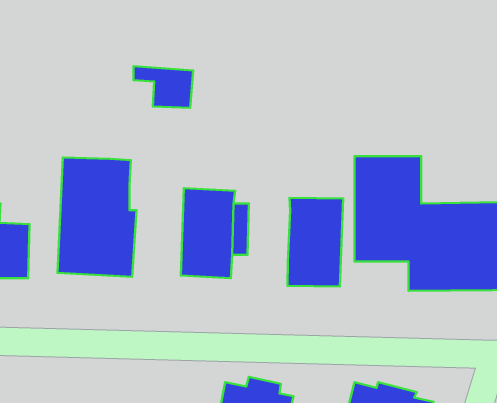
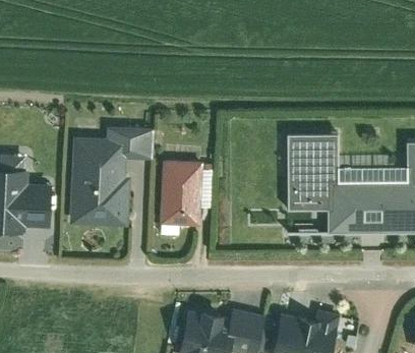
building: [133,66,193,108] -> [108,129,152,160]
building: [288,198,343,287] -> none

